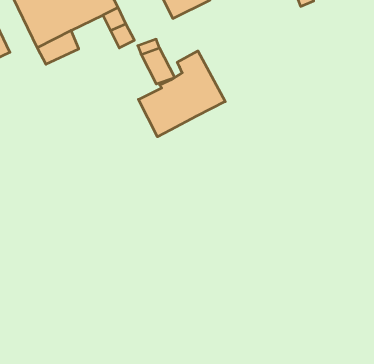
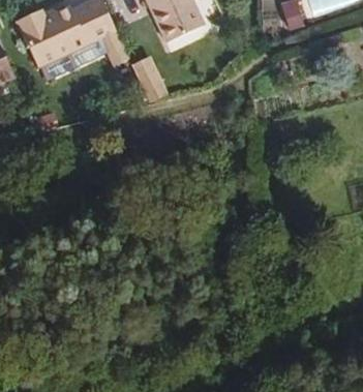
building: [138,51,225,137] -> none

